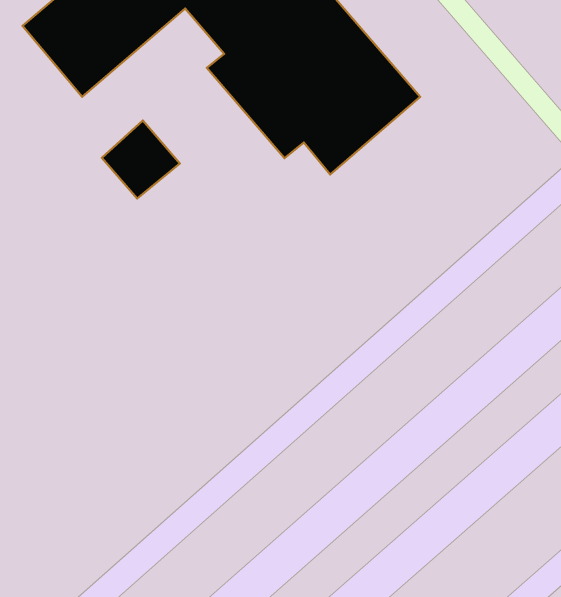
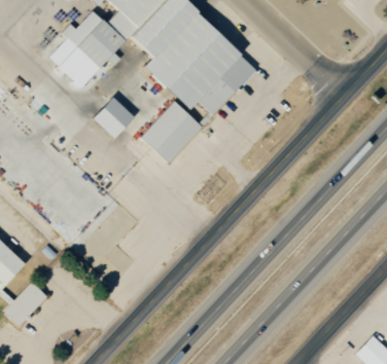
building: none -> [142,101,203,162]

